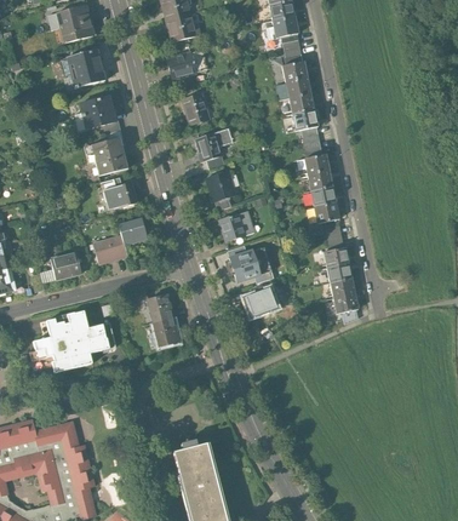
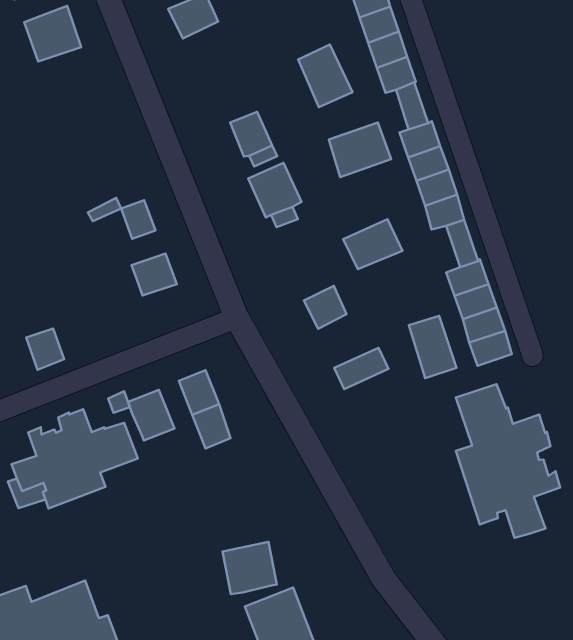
building: [182,88,214,128] -> [298,44,352,107]
building: [82,91,120,128] -> none
building: [95,134,132,173] -> none
building: none -> [329,123,391,177]
building: [218,210,256,240] -> [343,219,402,269]
building: [96,231,130,262] -> none
building: none -> [409,316,457,378]
building: none -> [128,390,175,440]
building: none -> [456,384,560,538]
building: none -> [223,542,277,594]

